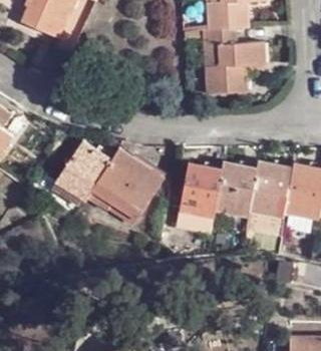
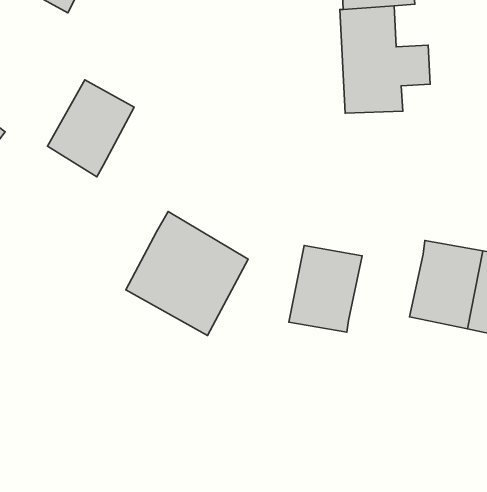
building: [49,149,100,207] -> [47,80,134,177]
building: [214,172,258,224] -> none

